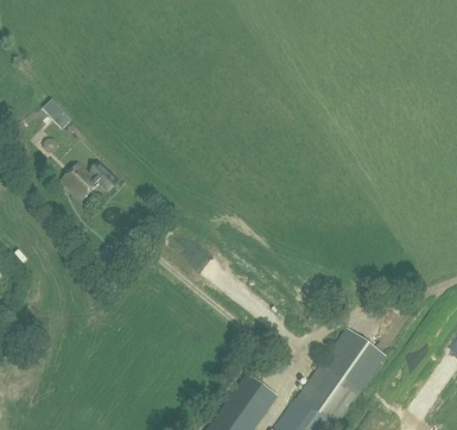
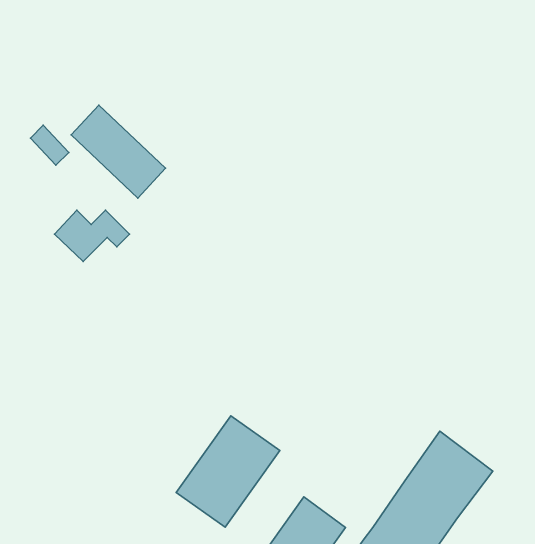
building: none -> [71,105,165,198]
building: none -> [176,416,280,527]

